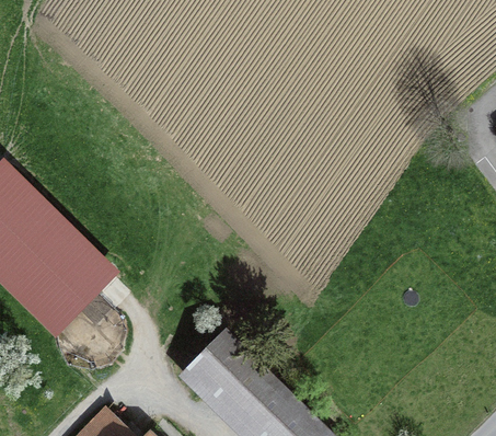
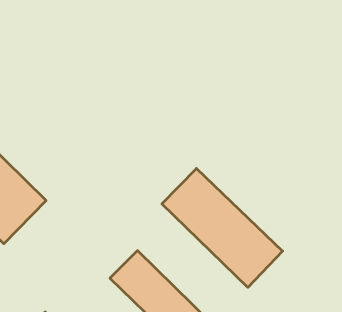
building: none -> [162,168,283,287]

